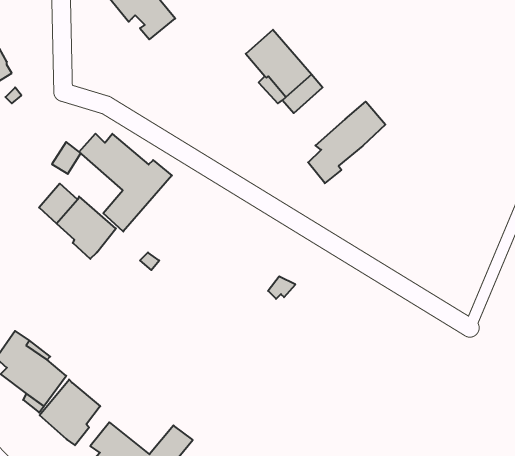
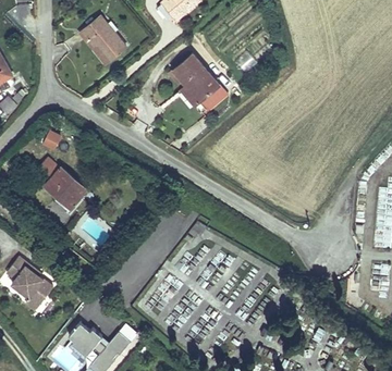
building: [308,102,385,183] -> none
building: [79,134,172,232] -> none
building: [40,379,100,445] -> none

